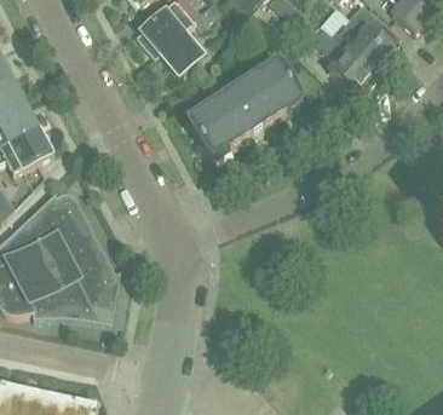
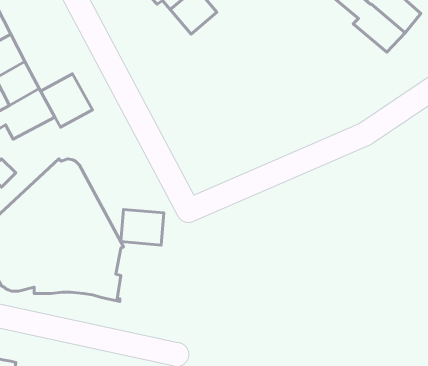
building: [189,60,303,155] -> none
building: none -> [41,74,93,127]
building: none -> [121,209,164,245]

